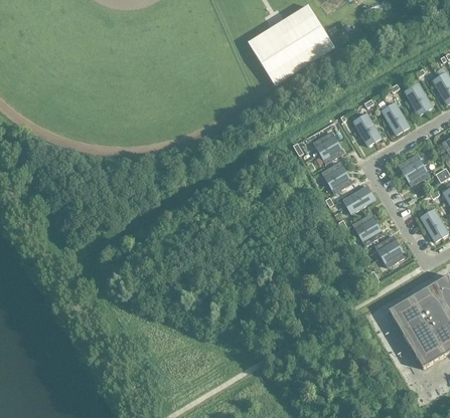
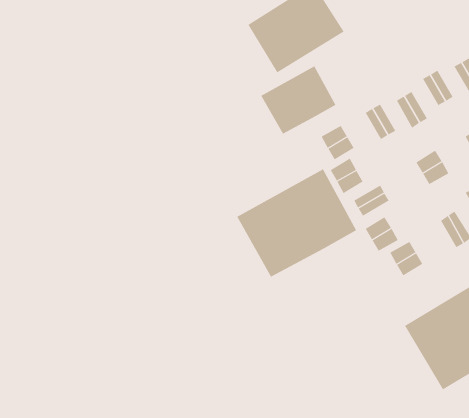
building: none -> [261,66,336,134]
building: none -> [236,168,357,278]

